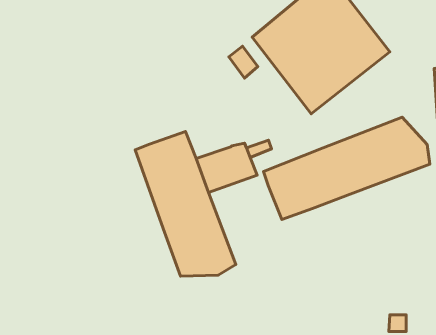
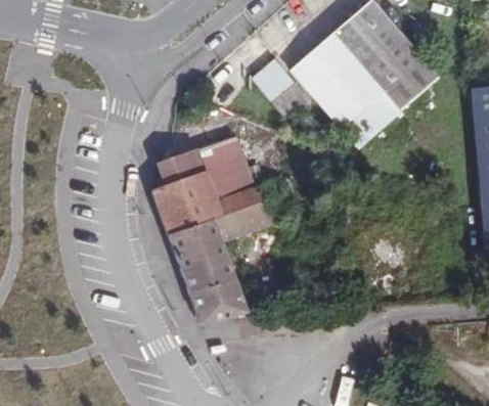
building: none -> [165,125,257,190]
building: [263,117,430,219] -> none

